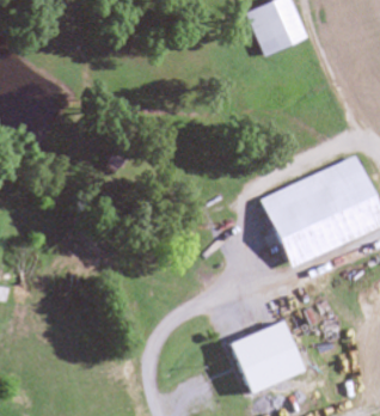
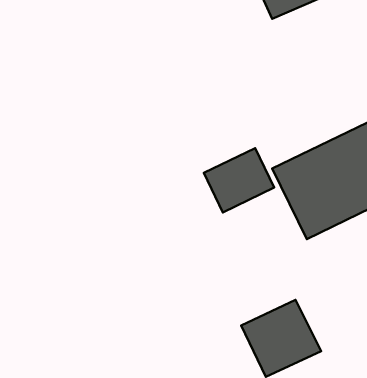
building: none -> [204,148,274,213]

